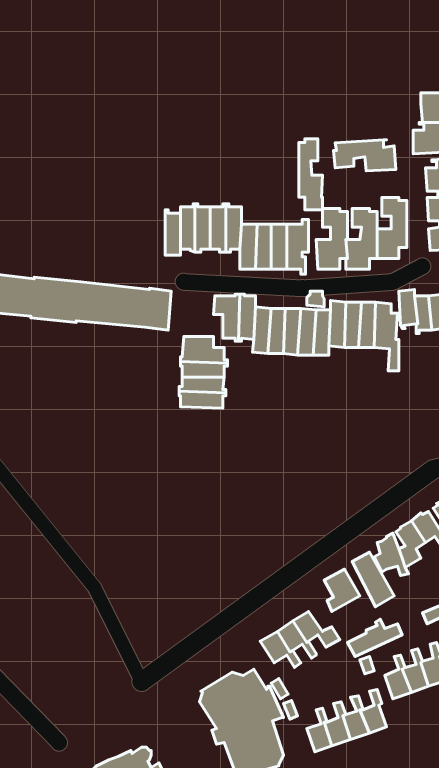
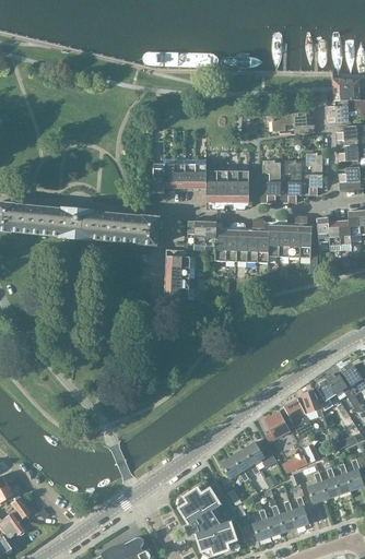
building: [299,139,323,210] -> none

